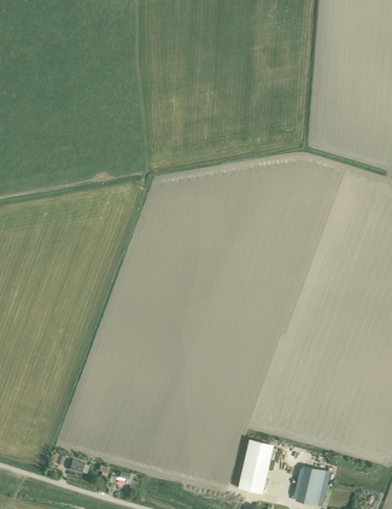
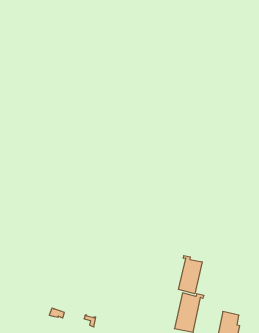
building: none -> [178,256,202,294]

